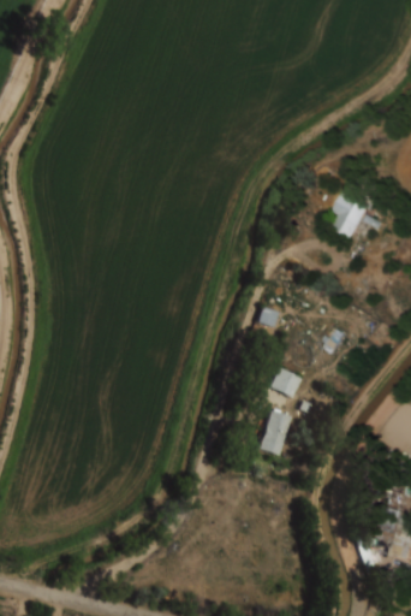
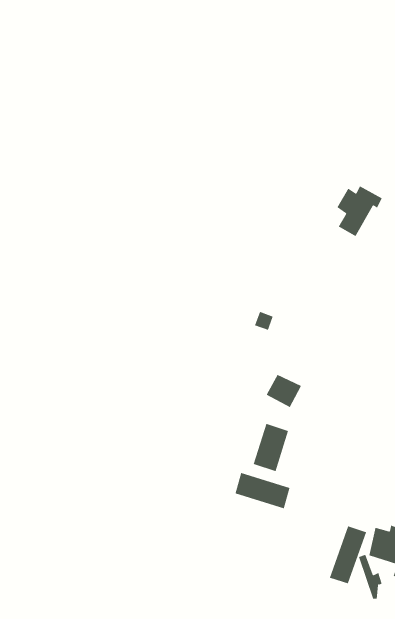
building: none -> [235,472,290,509]
building: none -> [329,526,367,584]

